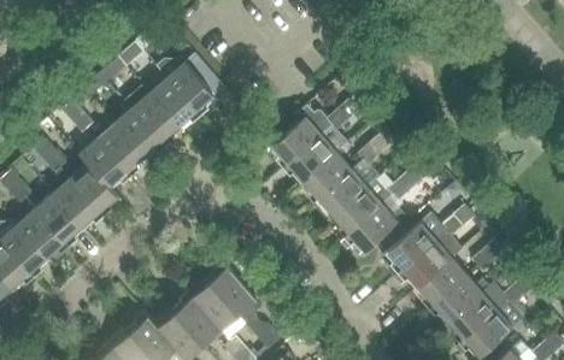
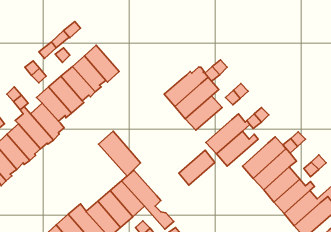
building: [157,58,216,114] -> none
building: [313,167,366,219] -> [179,150,215,185]
building: none -> [98,131,141,176]

